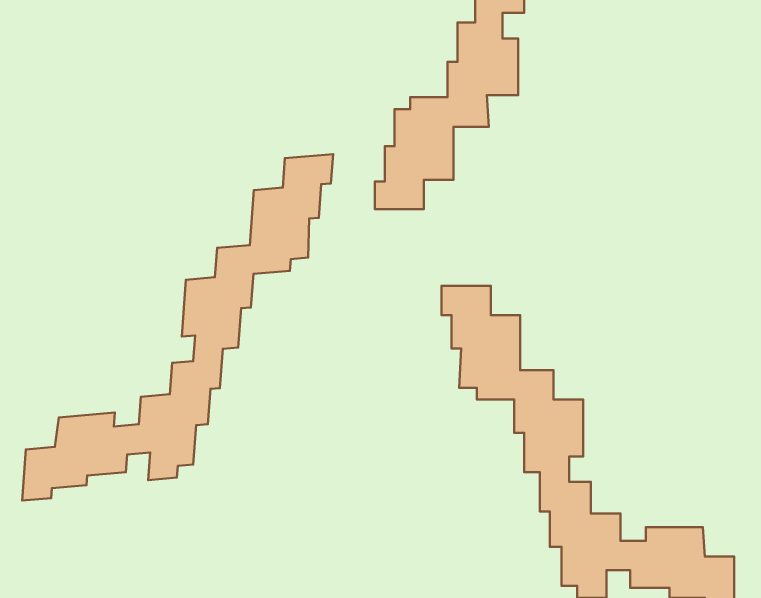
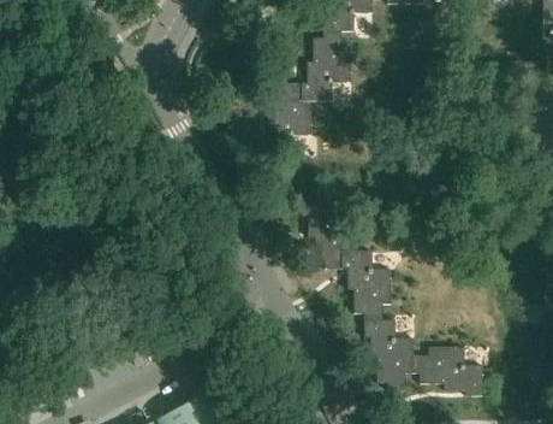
building: [22,154,333,500] -> none

